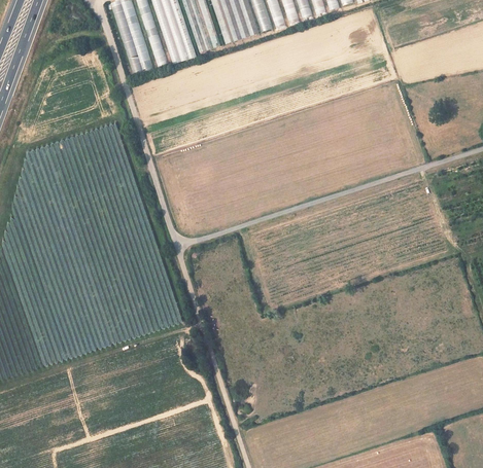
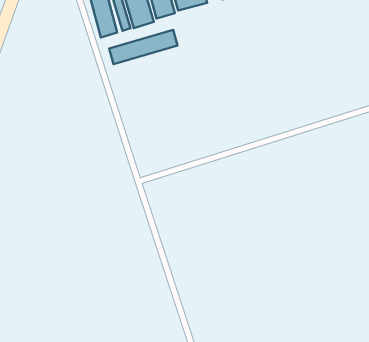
building: none -> [109,30,177,64]

